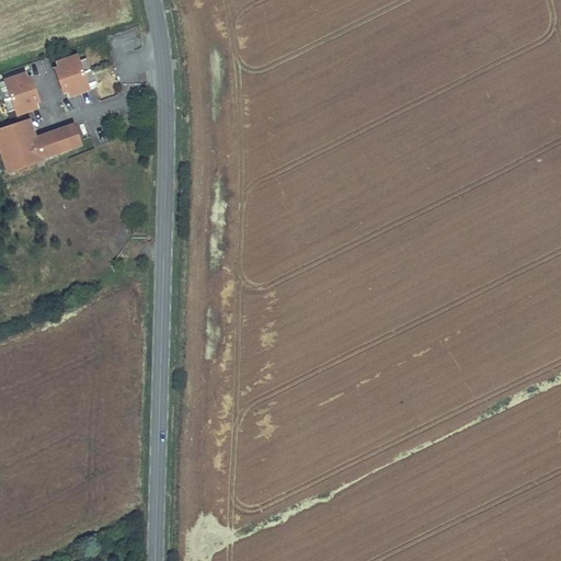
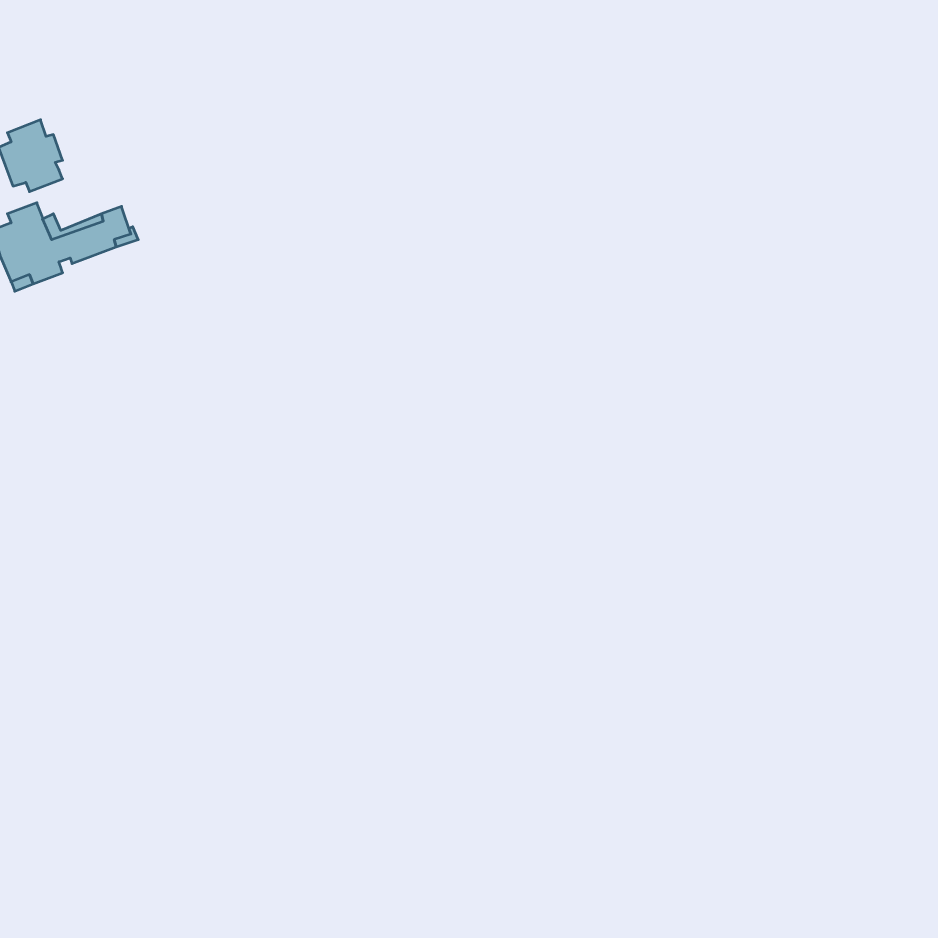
building: [56,51,94,94] -> none

